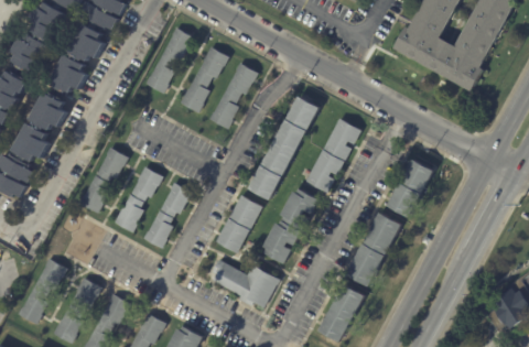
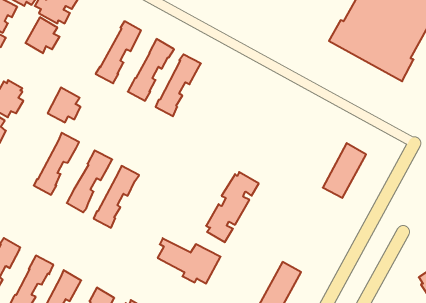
building: [53,54,88,91] -> [48,87,81,122]
building: [248,96,319,200] -> none
building: [304,118,360,193] -> none
building: [214,195,260,252] -> none
building: [345,212,401,286] -> none

